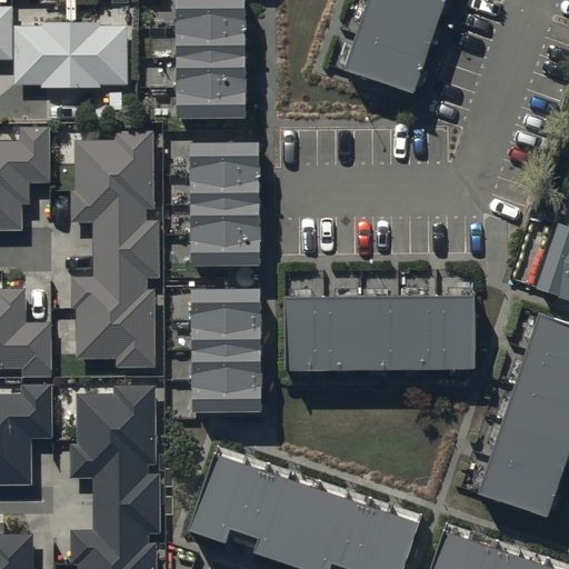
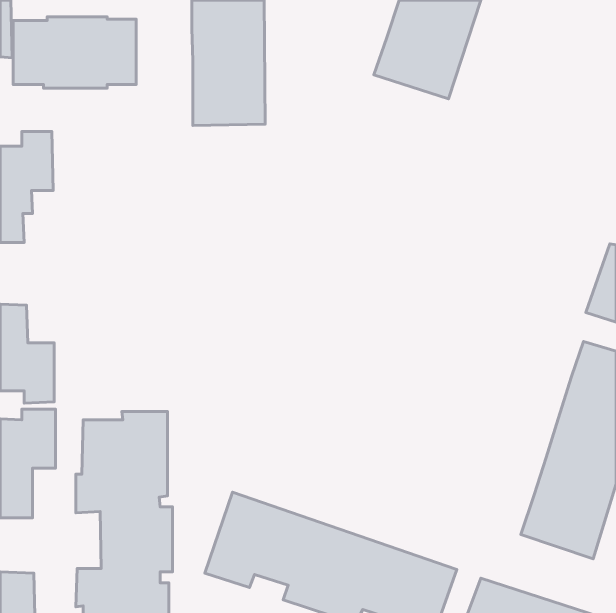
building: [70,127,158,363] -> none
building: [190,146,258,264] -> none
building: [193,292,260,412] -> none
building: [286,298,475,371] -> none

